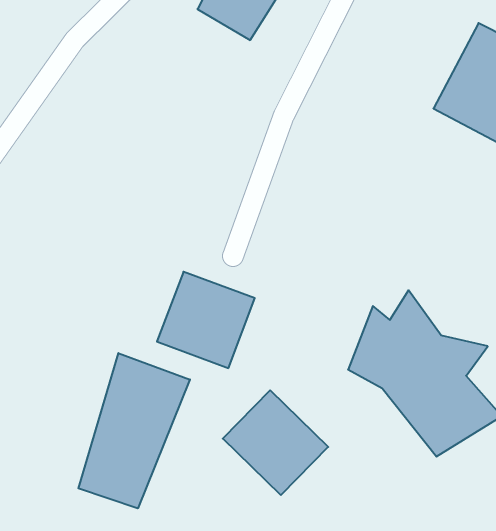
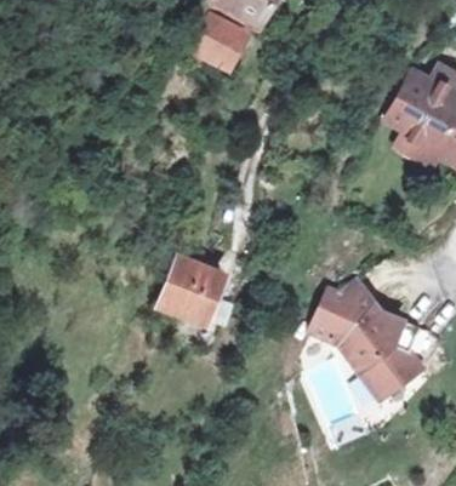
building: [78,353,190,508] -> none
building: [223,390,328,495] -> none

